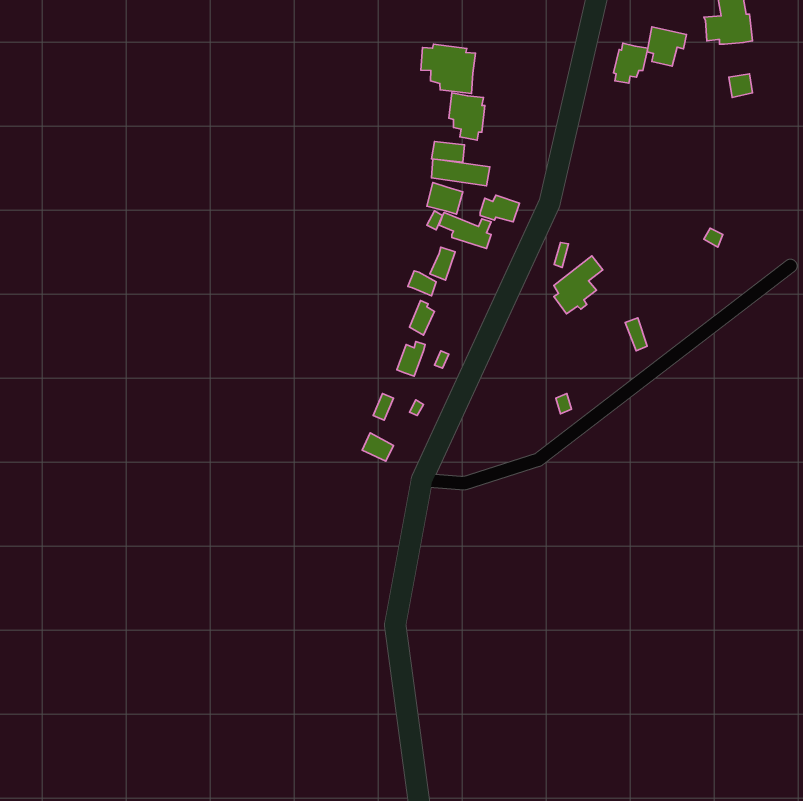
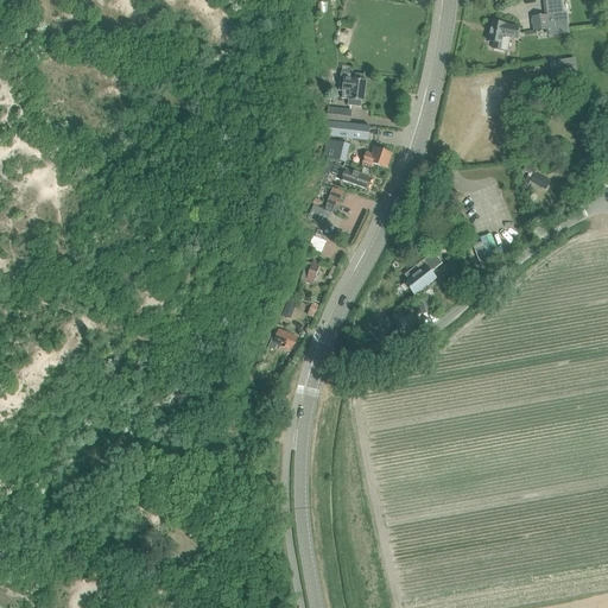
building: [614,43,648,83] -> none
building: [421,44,476,94] -> none
building: [554,256,603,314] -> [406,249,443,293]

